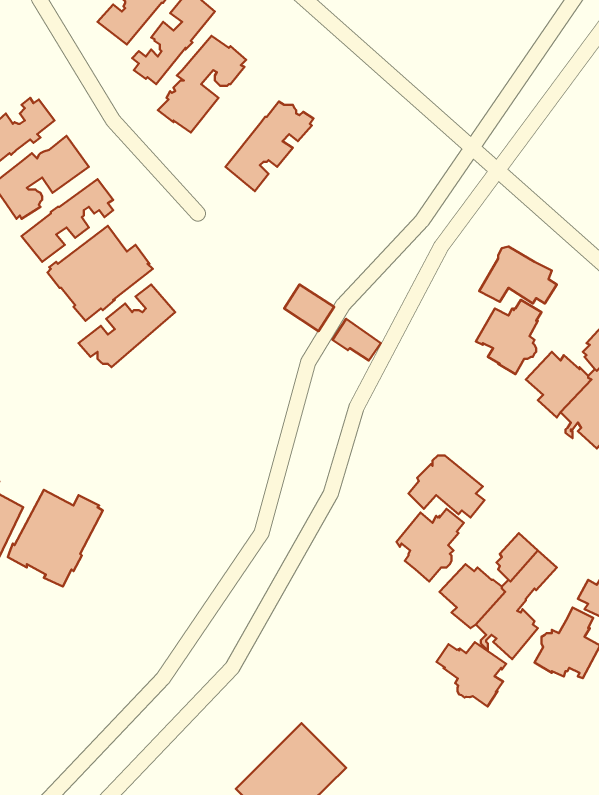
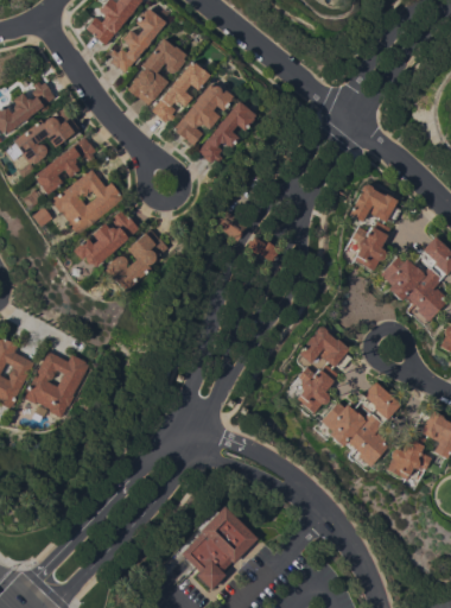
building: none -> [152,61,210,121]
building: none -> [198,100,256,163]
building: none -> [104,228,169,291]
building: [436,642,506,706] -> none

